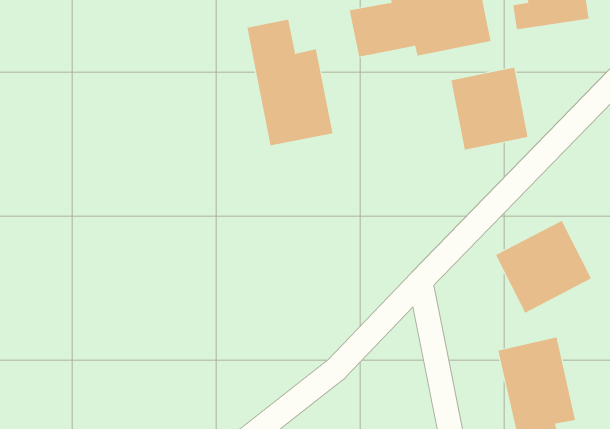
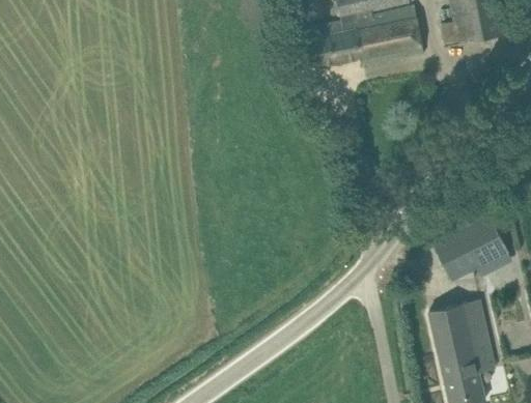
building: [247,19,333,146] -> none
building: [451,67,528,151] -> none

